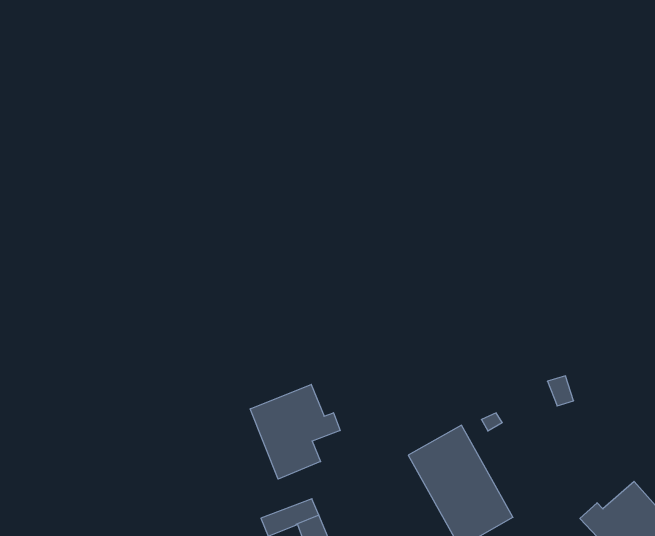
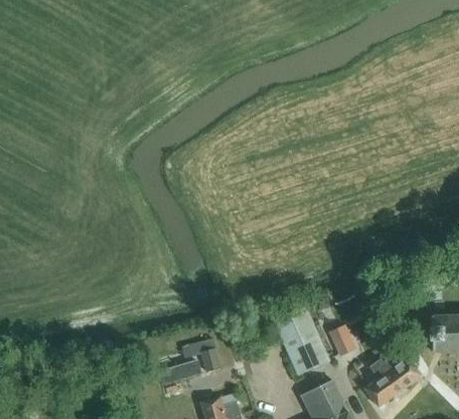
building: [250,384,340,479] -> none
building: none -> [329,324,356,357]

